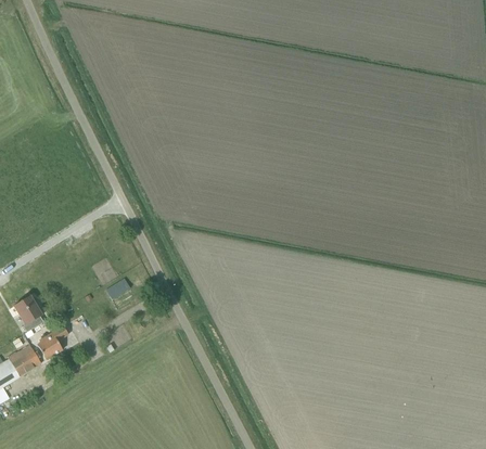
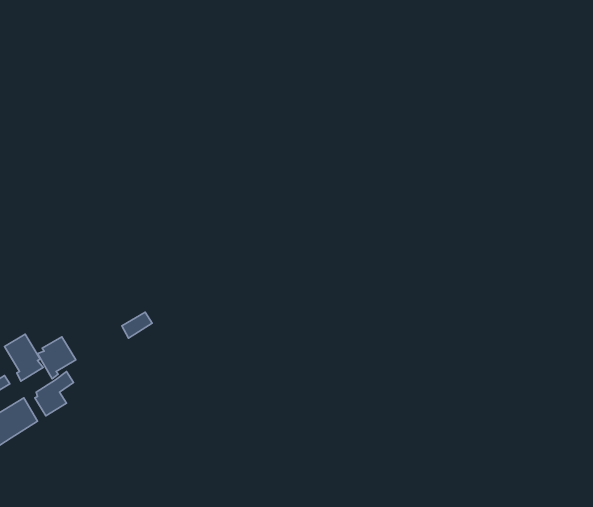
building: none -> [38,337,76,379]

